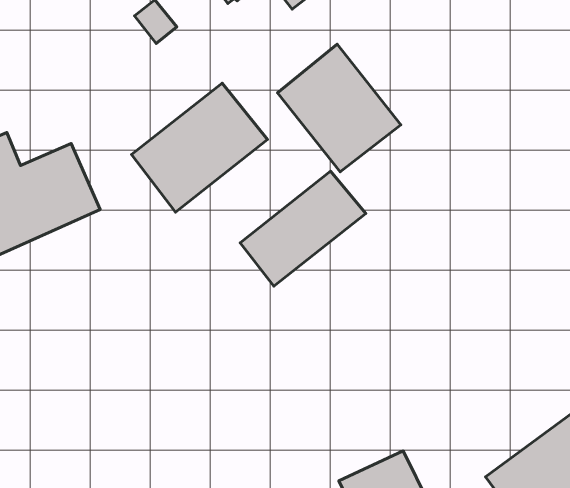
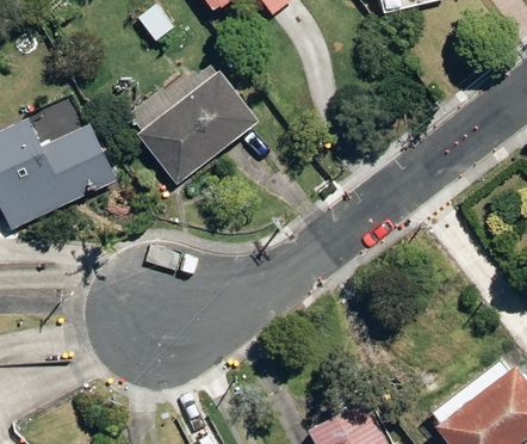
building: [277,44,401,172] -> none
building: [240,171,366,286] -> none

